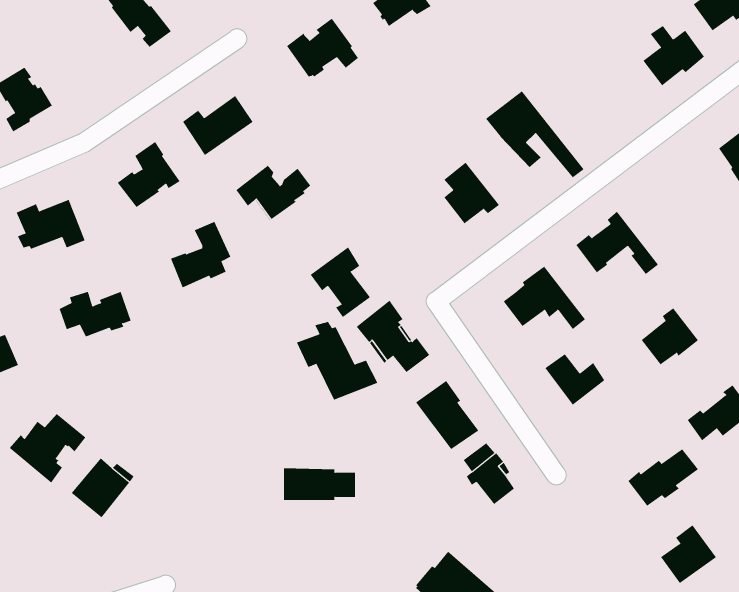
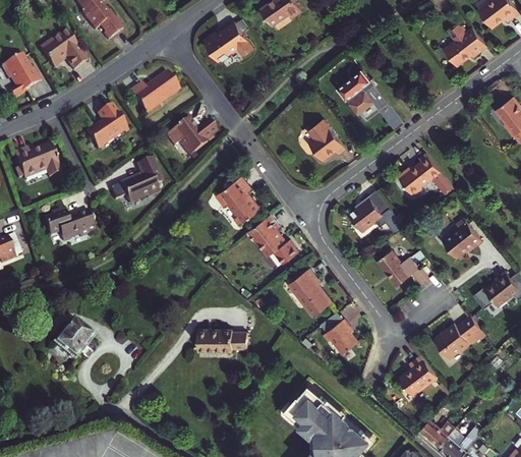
building: none -> [37,33,84,71]
building: [296,321,378,401] -> none
building: [9,413,86,484] -> none
building: [660,524,717,584] -> [399,355,438,396]

